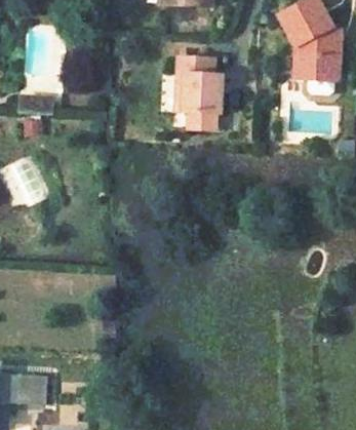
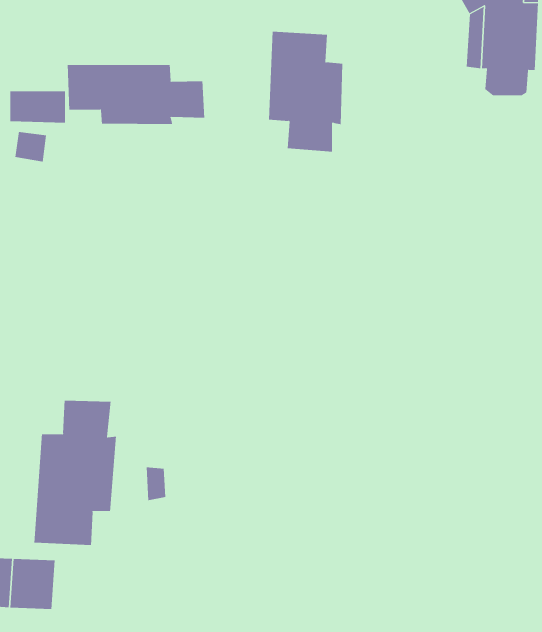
building: none -> [67,64,205,125]
building: none -> [34,400,116,546]

